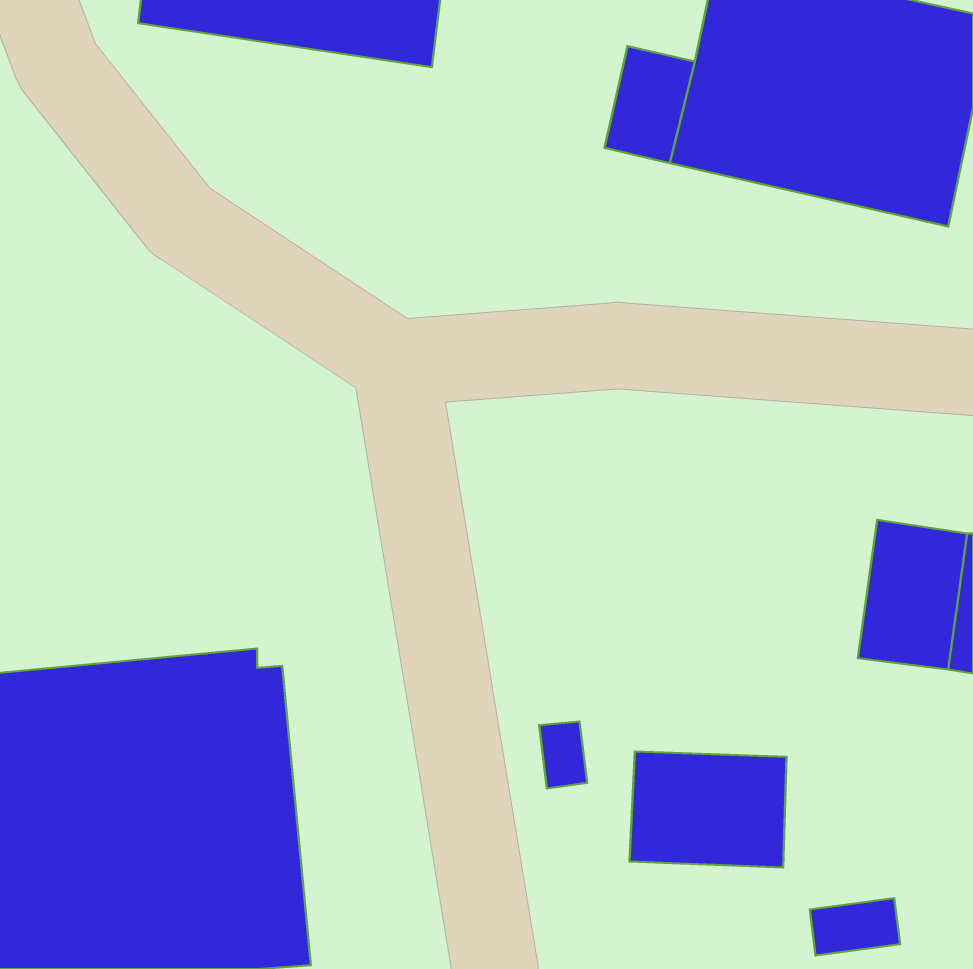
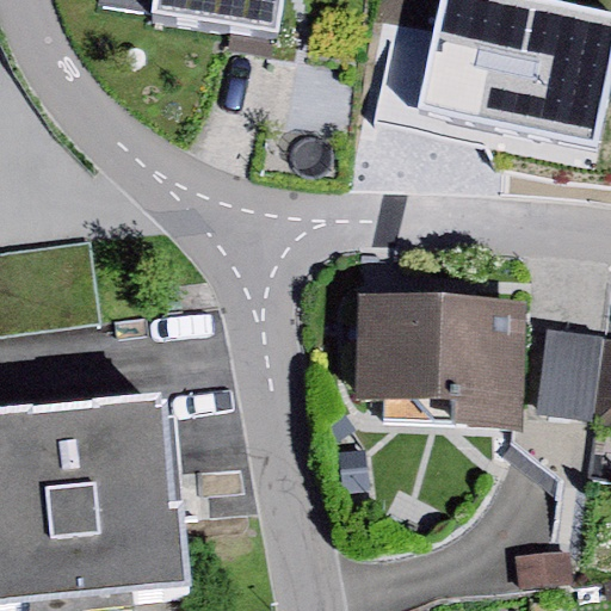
building: none -> [354,292,521,420]
building: [630,751,786,867] -> none

